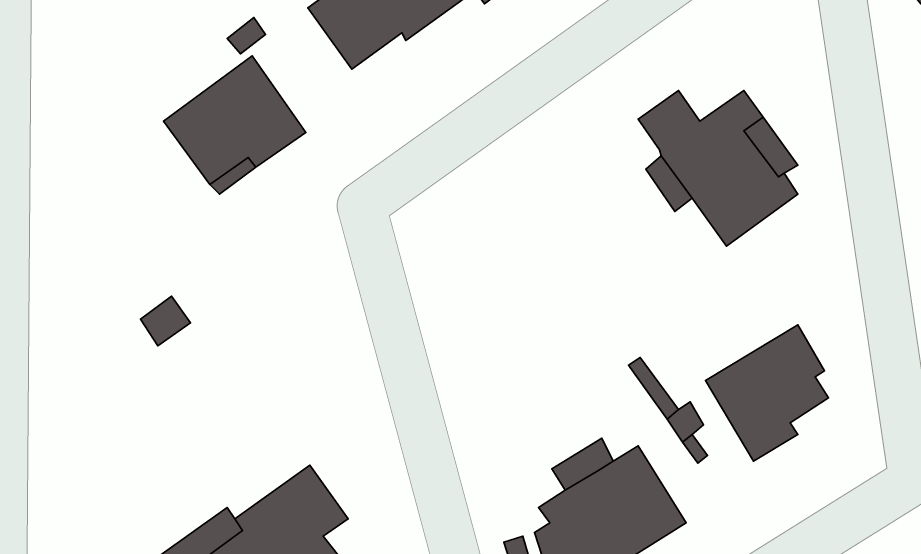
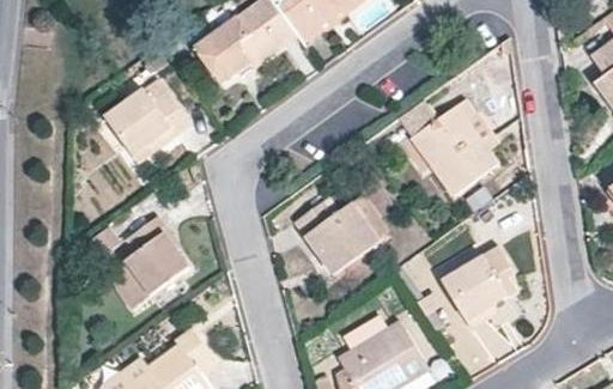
building: none -> [292,193,390,274]
building: none -> [105,213,189,308]

